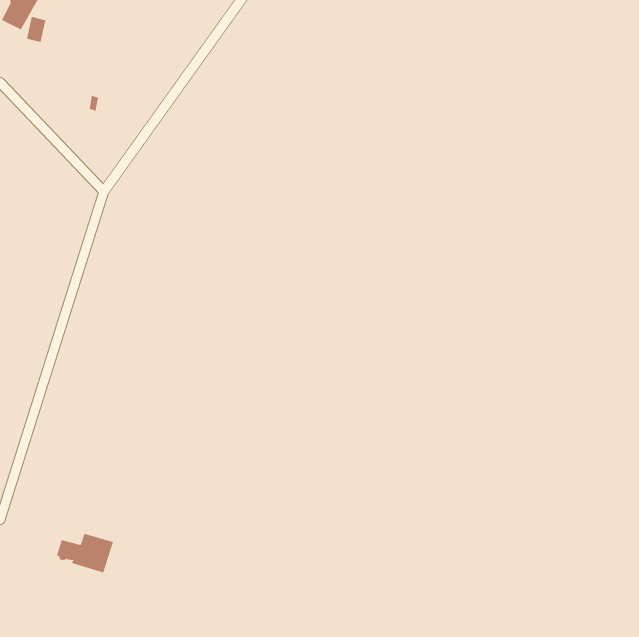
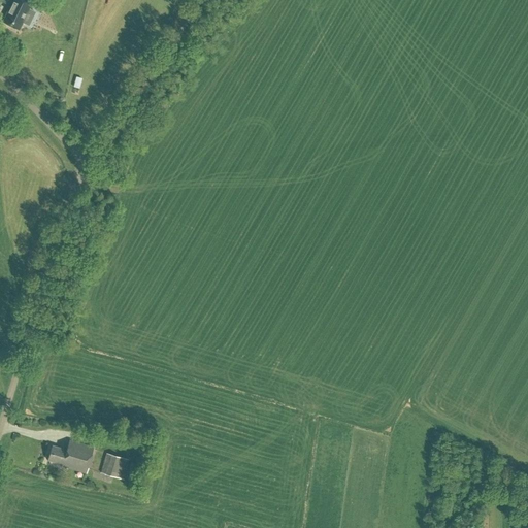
building: none -> [101,452,129,478]

